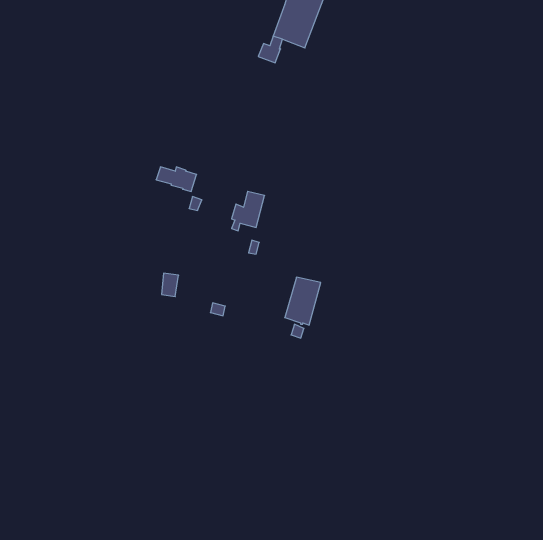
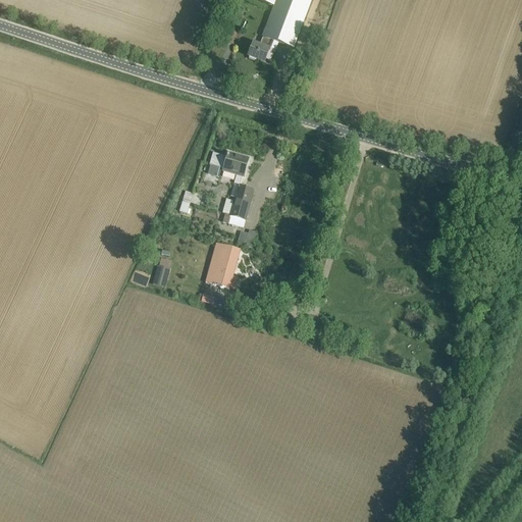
building: [156,167,197,191] -> [209,151,248,174]
building: [285,277,321,325] -> [205,242,240,288]

